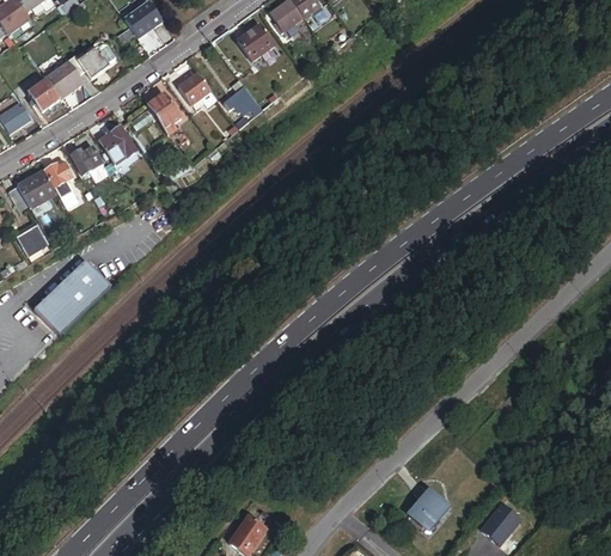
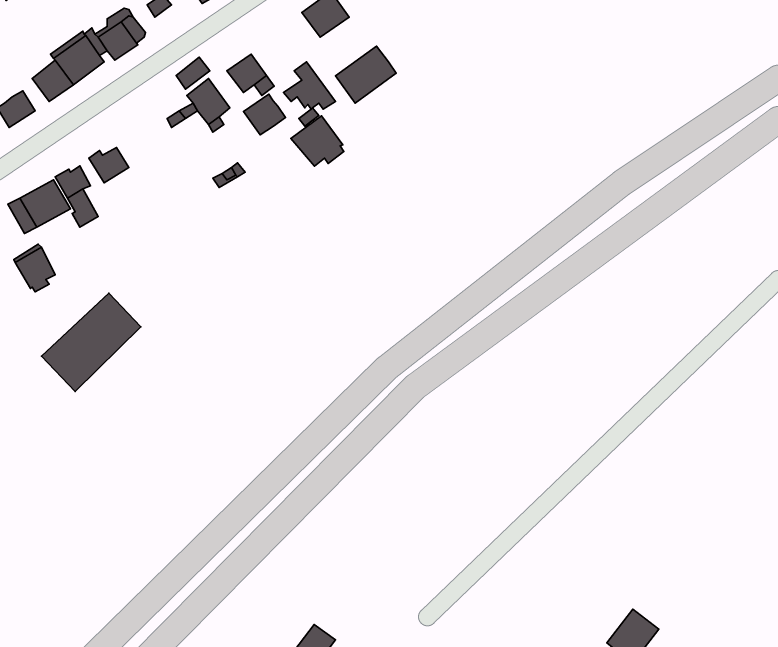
building: none -> [336,46,396,103]
building: none -> [244,94,285,135]
building: none -> [291,116,344,166]
building: [99,127,136,165] -> none
building: [405,491,444,525] -> none

